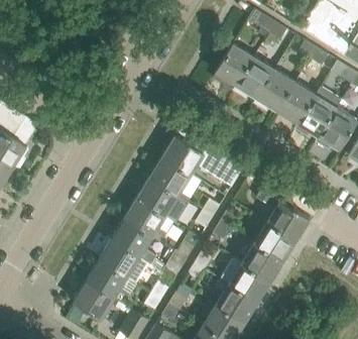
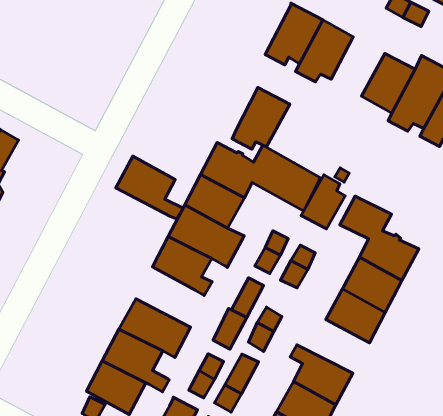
building: [254,69,295,111] -> [232,87,290,149]
building: none -> [301,175,345,229]
building: [112,218,157,263] -> [116,156,183,219]
building: [221,257,271,301] -> none

